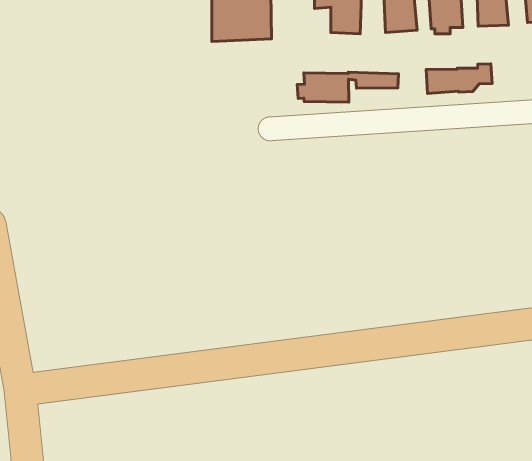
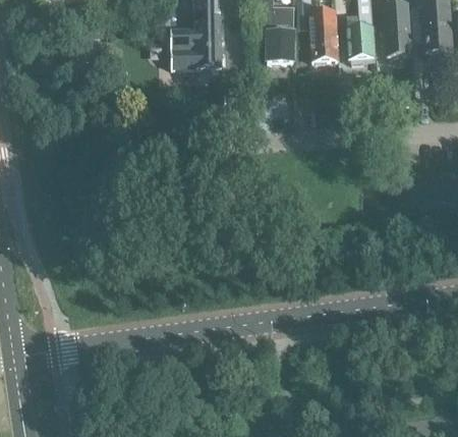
building: [426,64,492,93] -> none
building: [297,72,398,102] -> none

